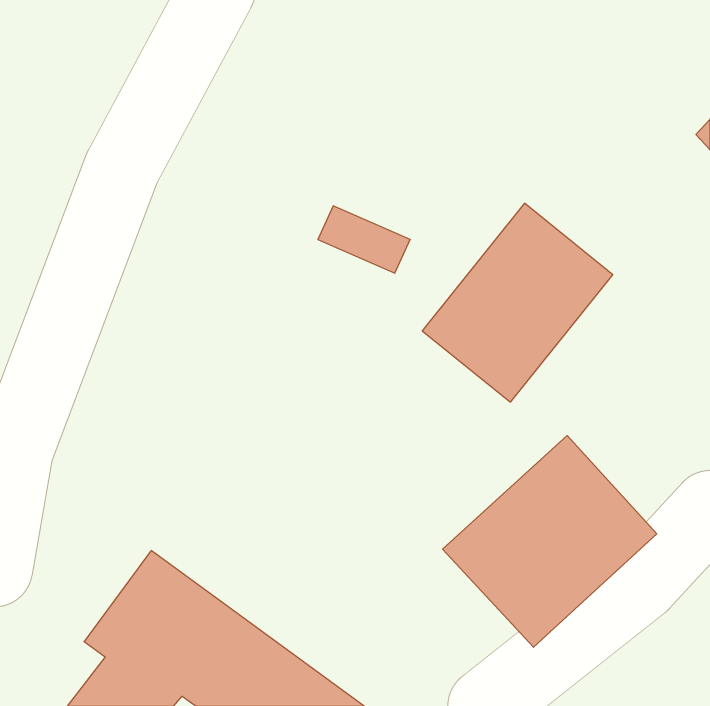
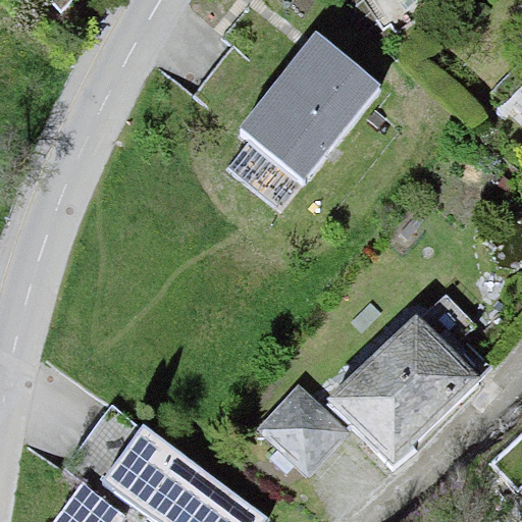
building: [422,203,613,402] -> [252,41,390,186]
building: none -> [250,386,346,482]

